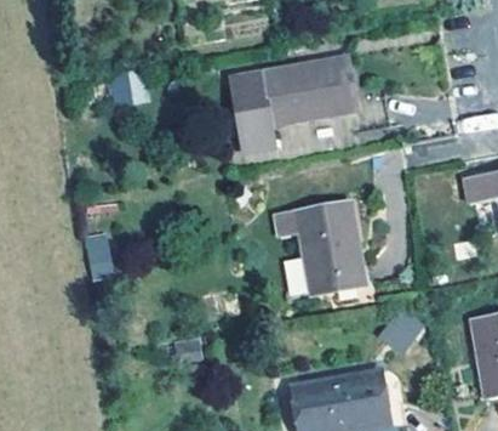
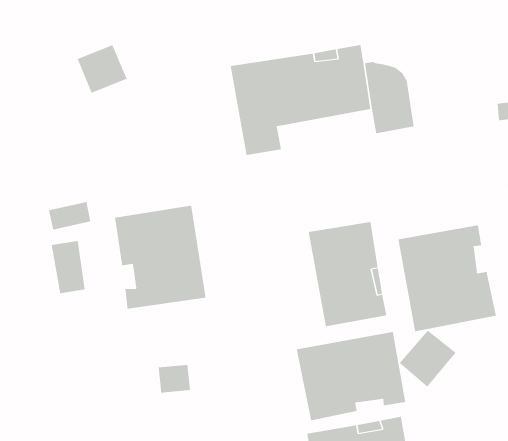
building: none -> [115,205,206,310]
building: none -> [398,224,497,332]
building: none -> [296,331,406,421]

